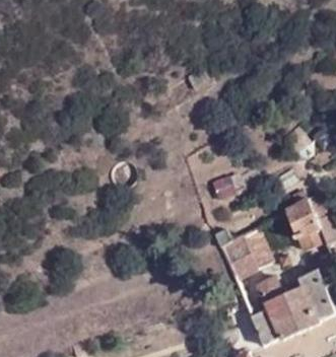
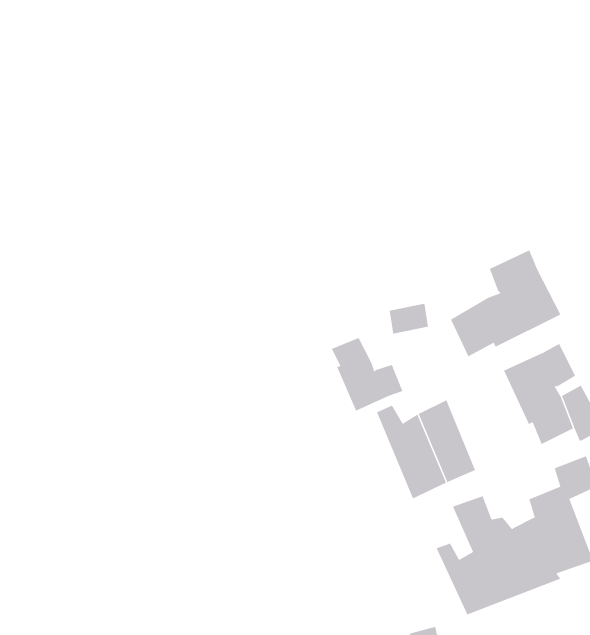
building: none -> [450,250,561,357]
building: none -> [331,337,403,411]

